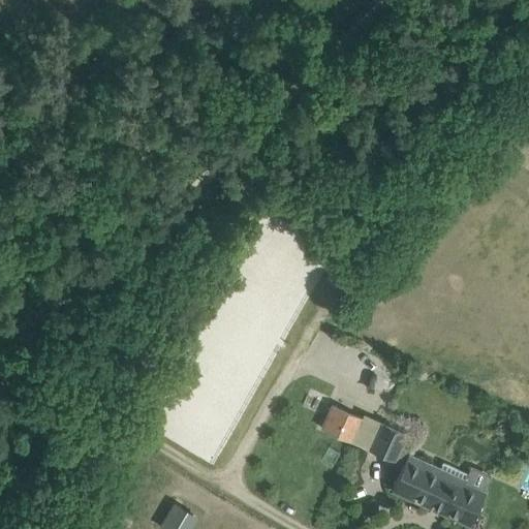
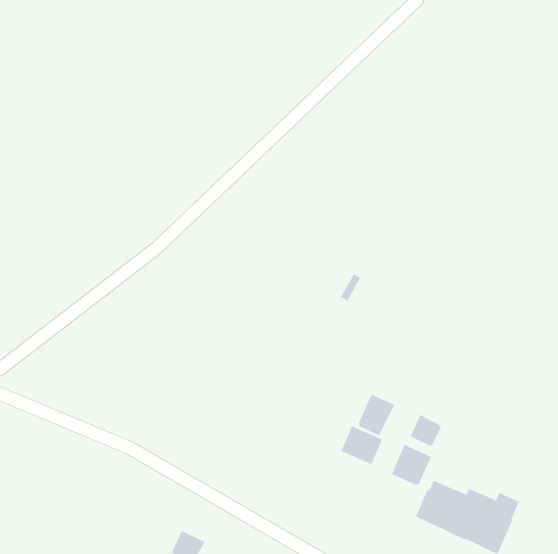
building: none -> [357,393,395,437]
building: none -> [409,414,442,447]

